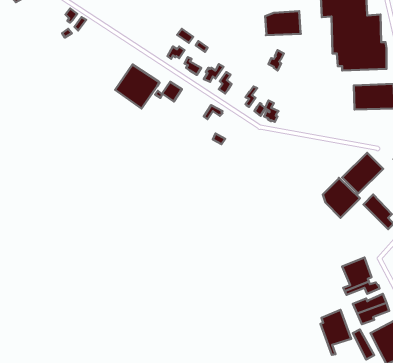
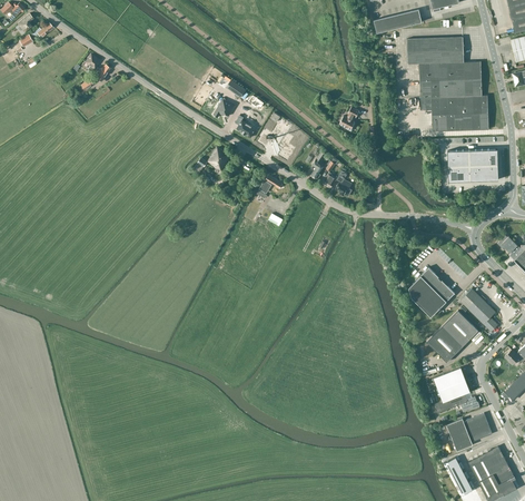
building: [265,11,301,35] -> none
building: [115,65,160,108] -> none
building: [342,153,383,194] -> [427,310,478,361]
building: [321,310,351,355] -> none

